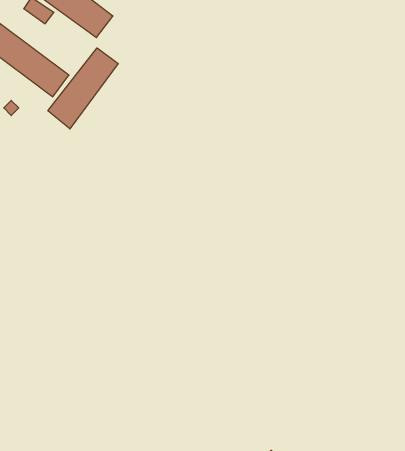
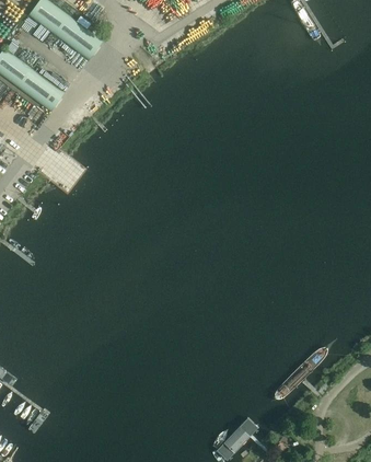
building: [48,48,118,129] -> none

